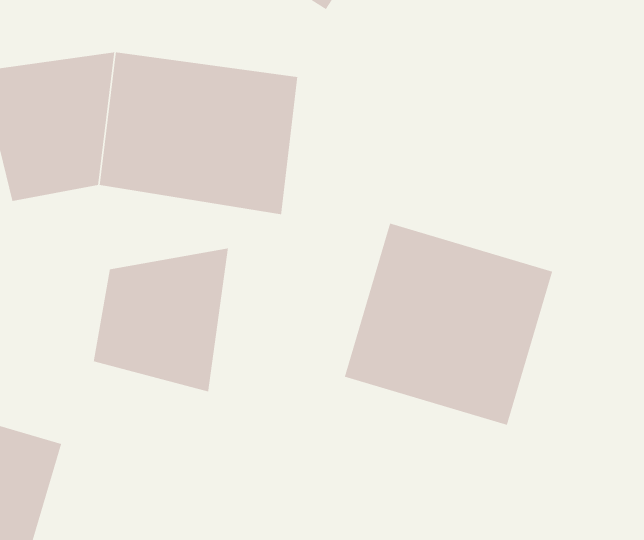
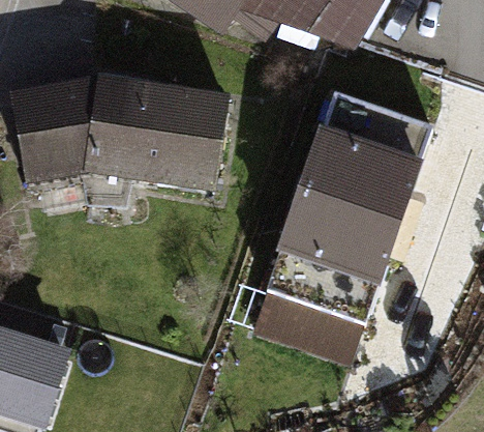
building: none -> [293,97,437,232]
building: [93,248,229,393] -> none

